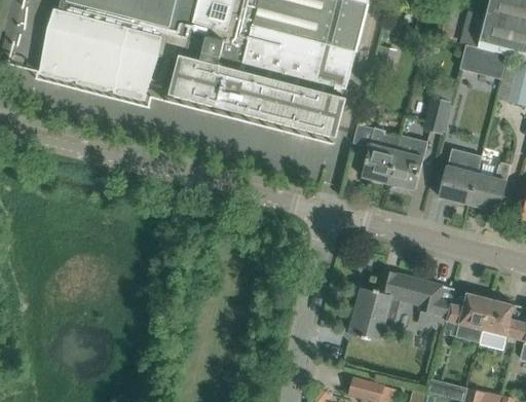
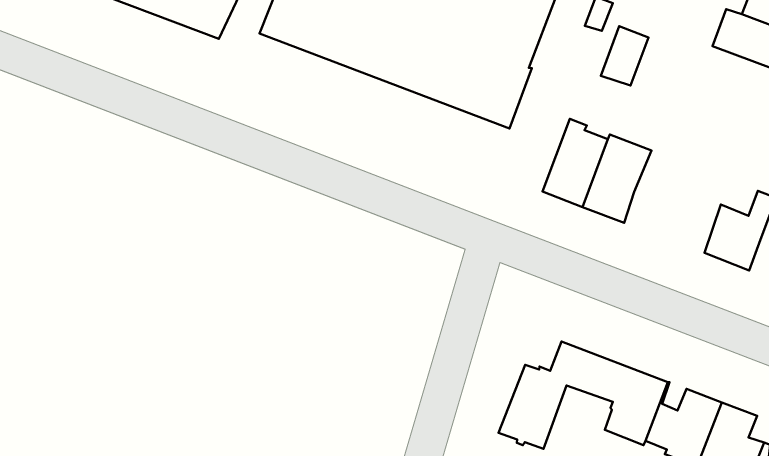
building: [422,99,450,136] -> [601,26,648,85]
building: [439,148,481,204] -> none

